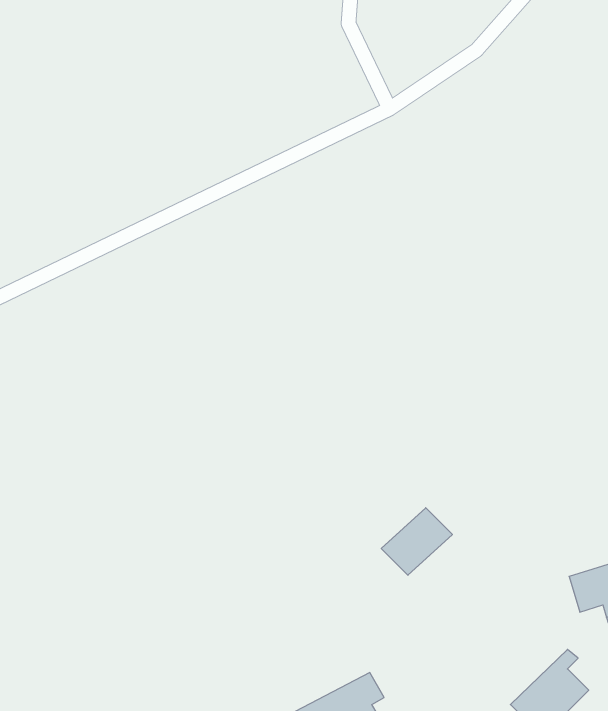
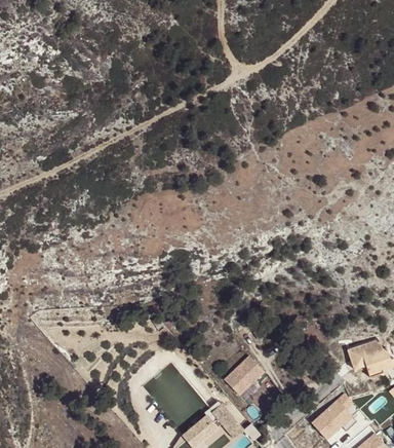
building: [381,508,452,575] -> [223,356,264,395]

